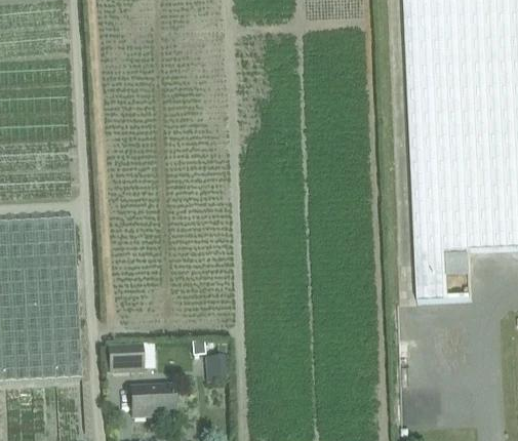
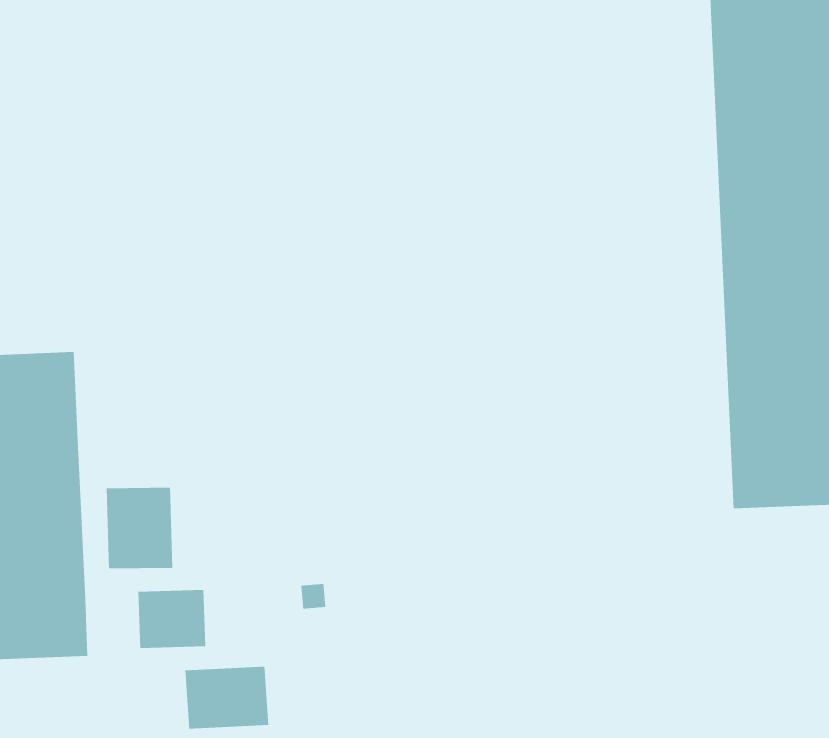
building: none -> [106,487,173,569]
building: [205,353,231,377] -> none

